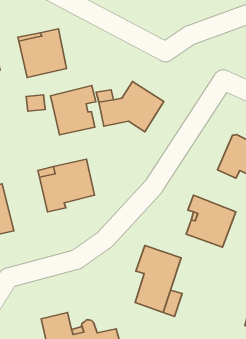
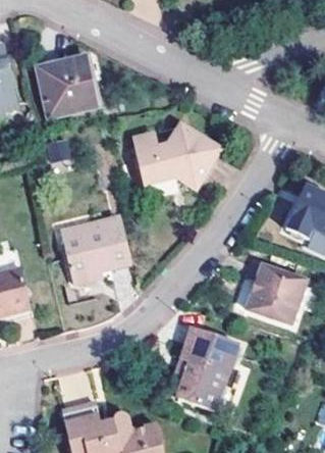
building: [51,86,96,135] -> none

